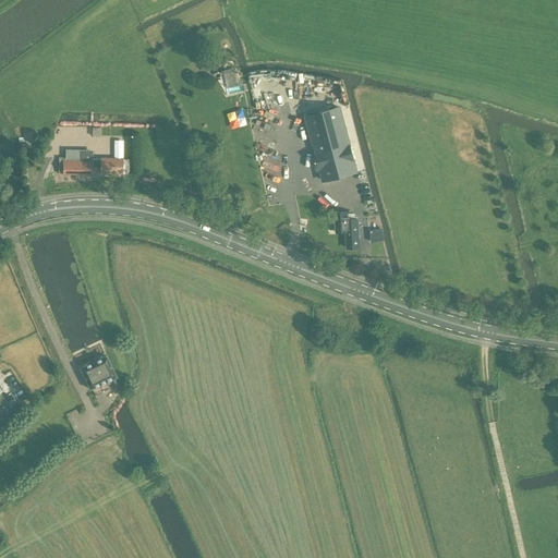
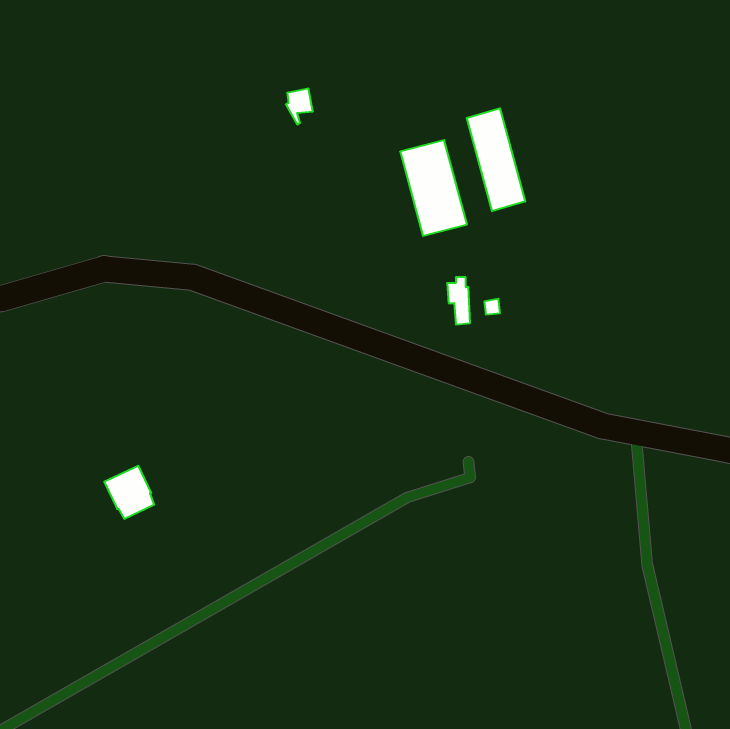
building: none -> [467,108,525,211]
building: [58,148,122,174] -> none

